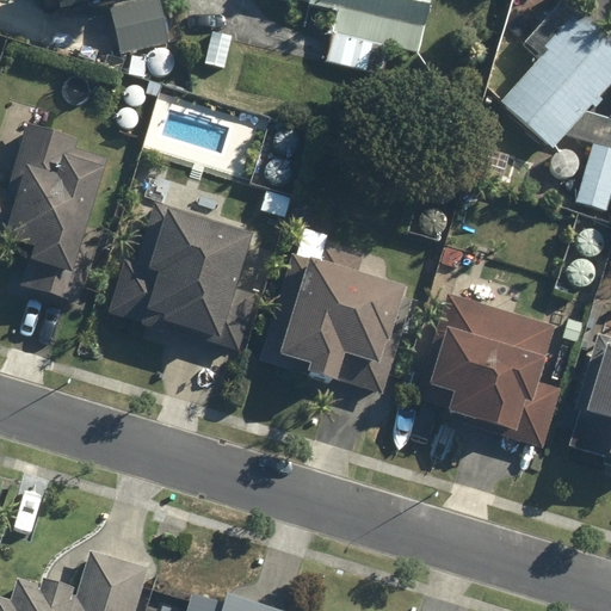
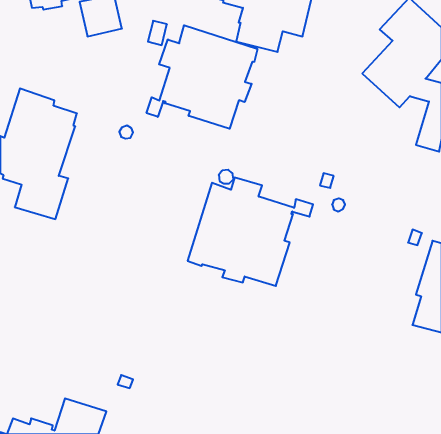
building: none -> [147,25,257,129]
building: [110,200,255,350] -> none
building: [415,291,561,446] -> none

